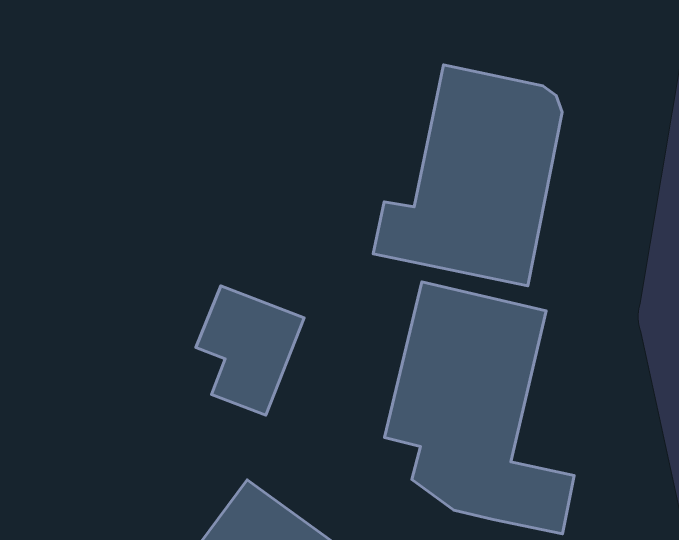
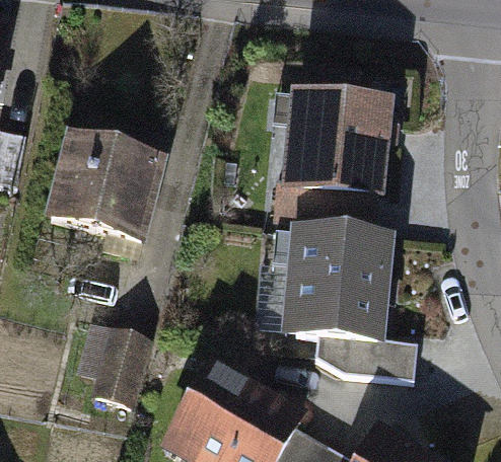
building: none -> [50,138,158,239]
building: [196,286,304,415] -> [80,327,146,405]

